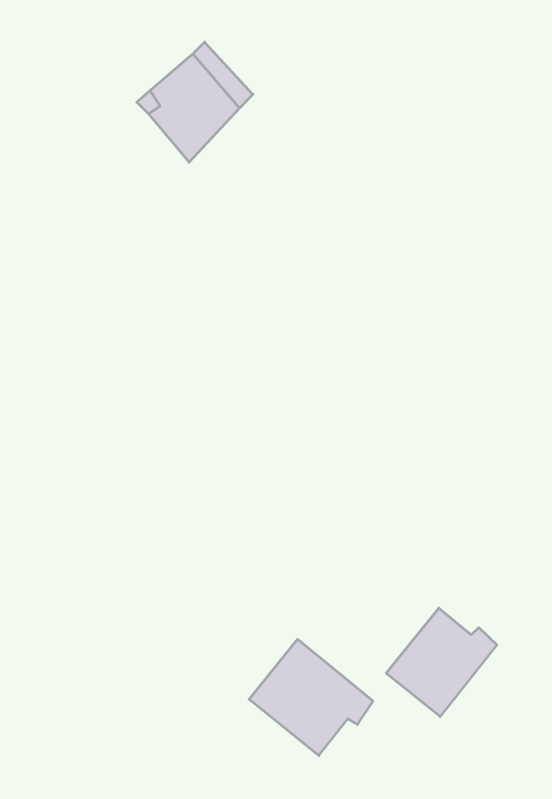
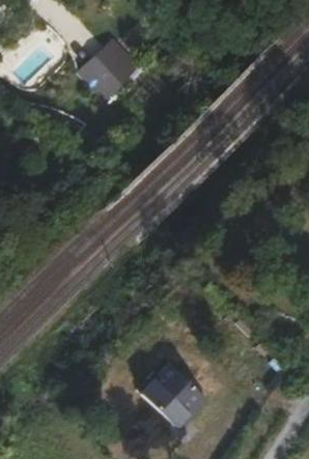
building: [386,608,497,717] -> none

